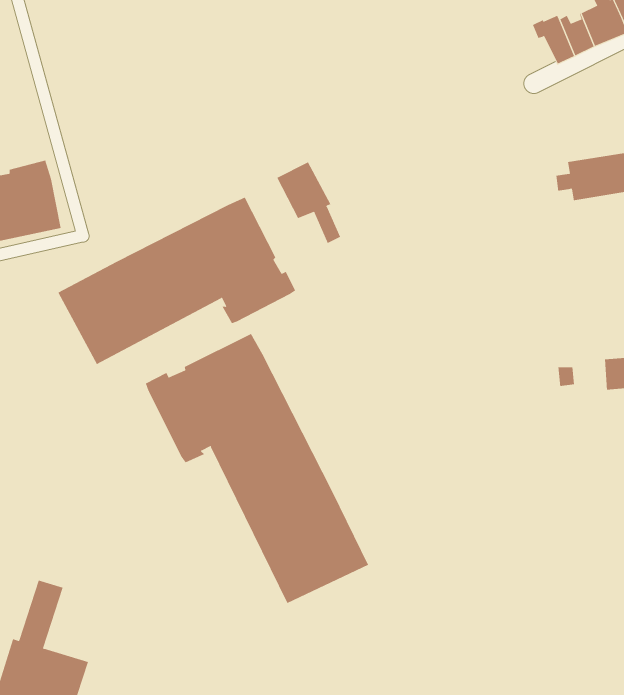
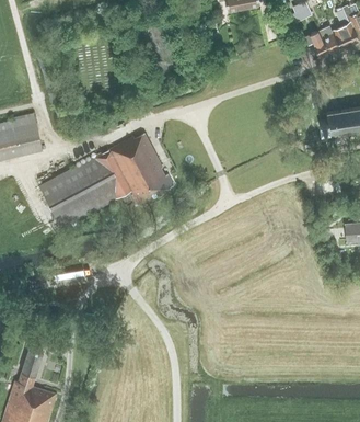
building: [277,161,341,244] -> none
building: [145,333,369,604] -> none

